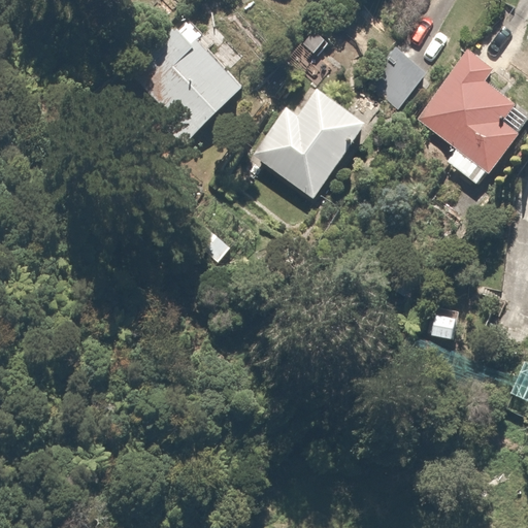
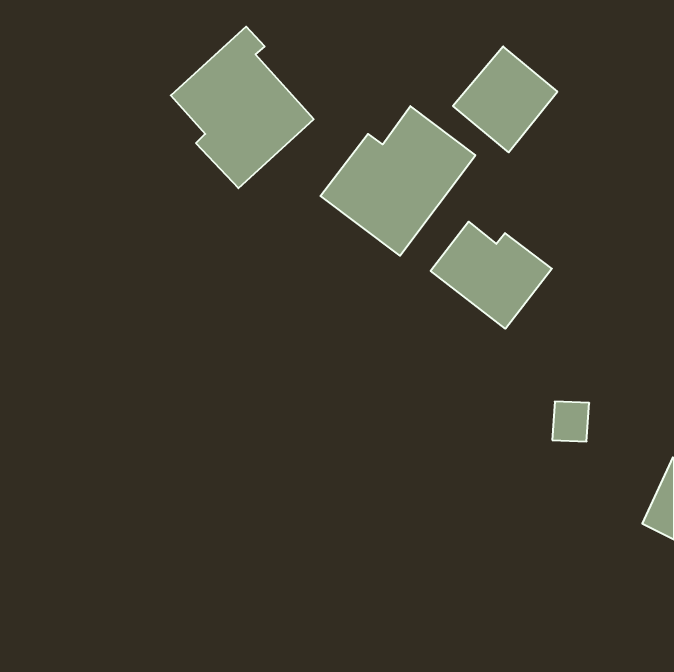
building: [417,51,521,187] -> none
building: none -> [431,222,552,329]

